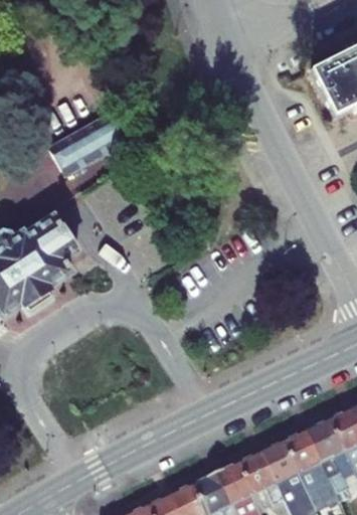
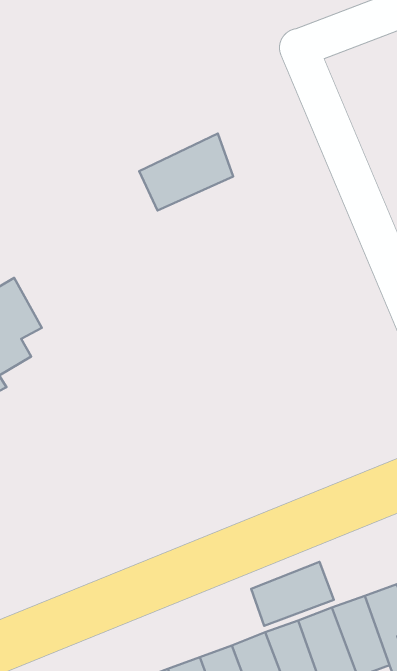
building: [46,118,114,176] -> [139,133,233,211]
building: none -> [251,562,334,626]

